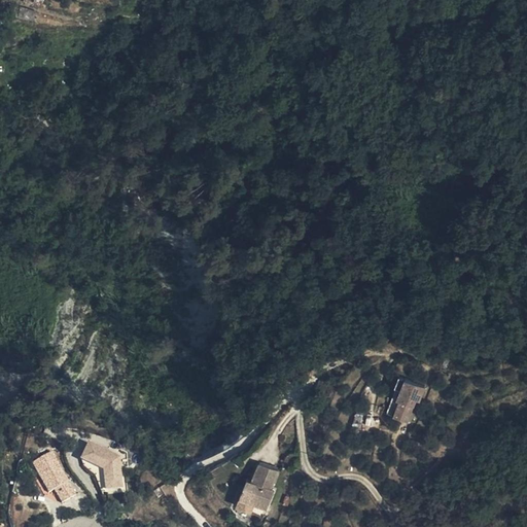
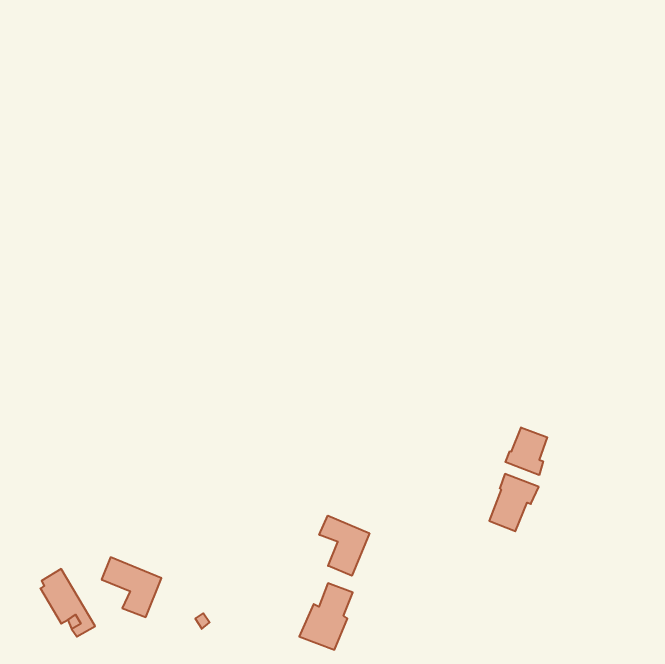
building: none -> [505,427,547,475]
building: none -> [319,516,369,576]

